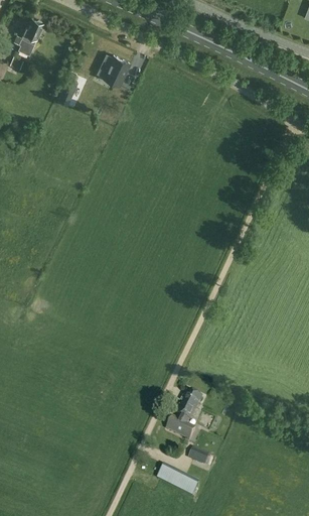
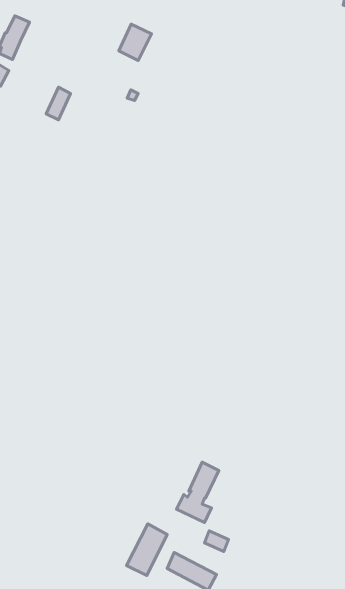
building: [103,55,130,86] -> [119,24,152,61]
building: none -> [127,524,167,576]

